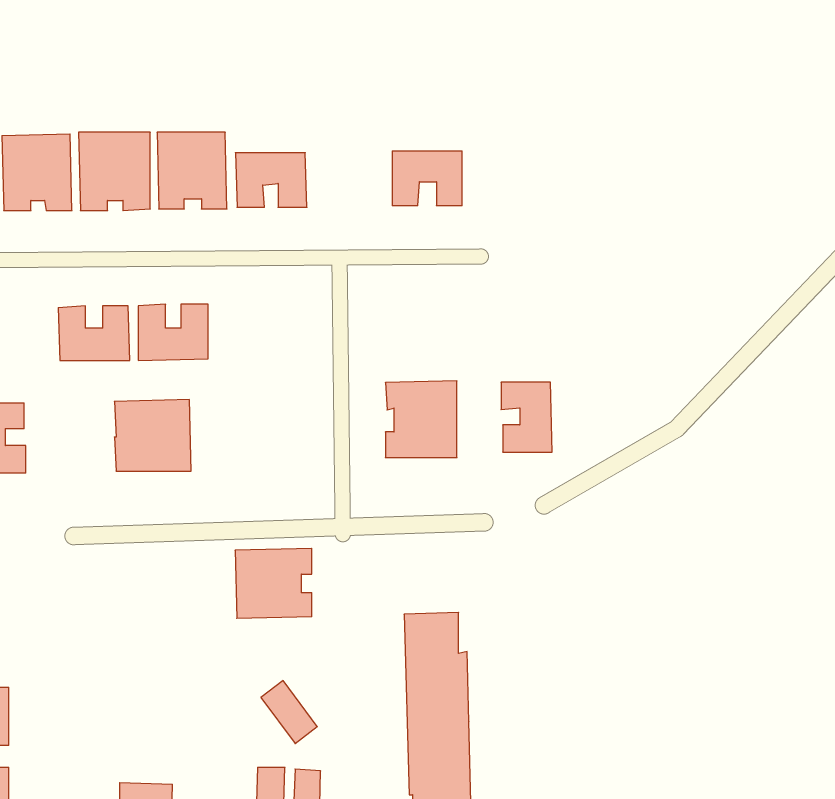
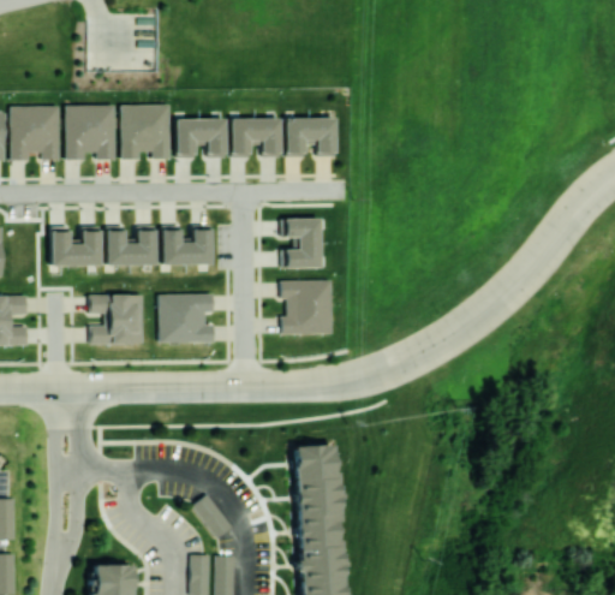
building: none -> [231,118,281,157]
building: none -> [162,226,211,264]
building: [501,382,552,452] -> [285,219,321,268]
building: [235,548,312,618] -> [159,293,213,343]

